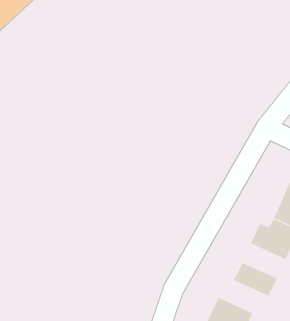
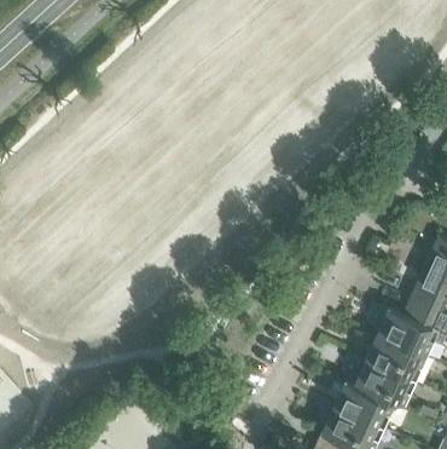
building: none -> [366,336,425,384]
building: none -> [333,382,394,431]

